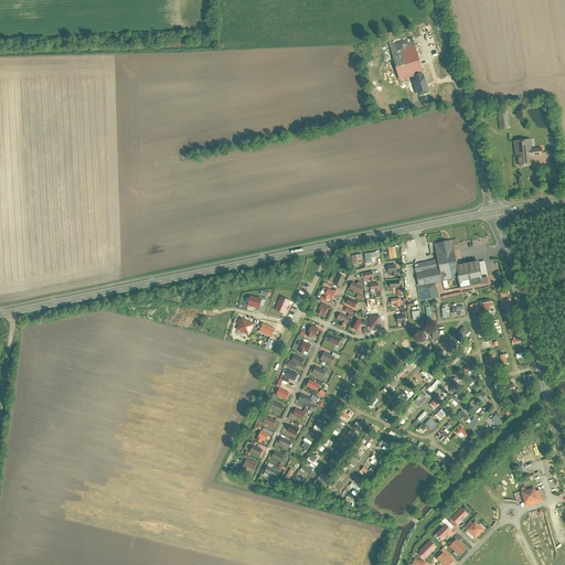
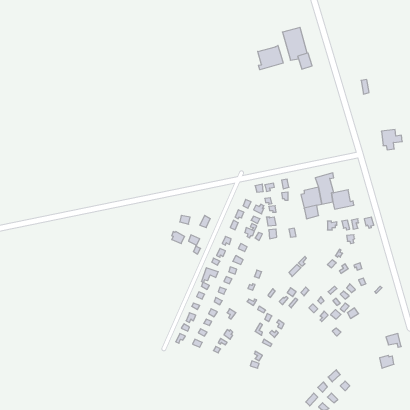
building: none -> [258,45,283,70]
building: [513,138,542,166] -> [381,130,402,150]

